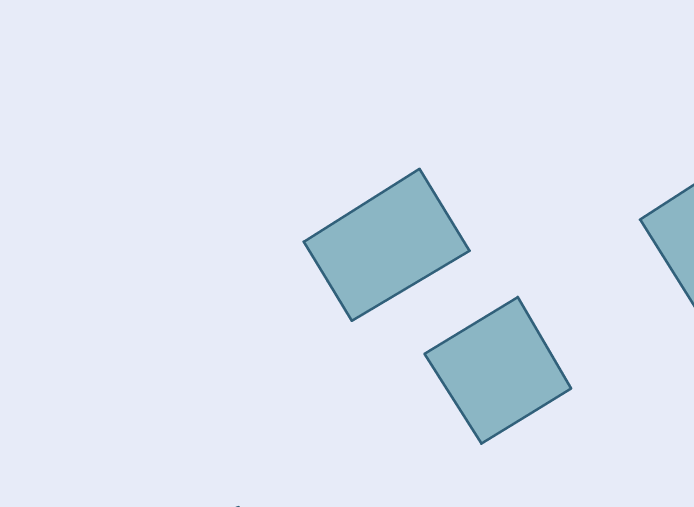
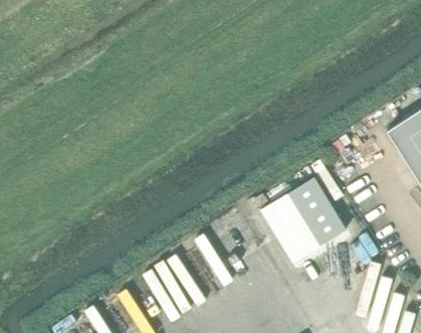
building: [304,169,470,321] -> none

